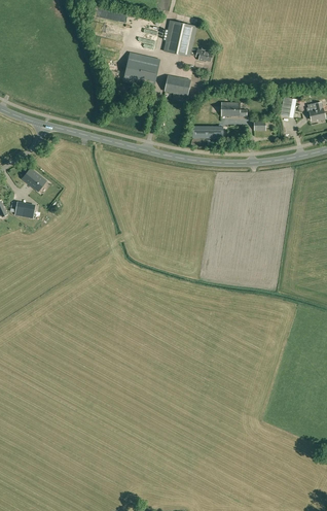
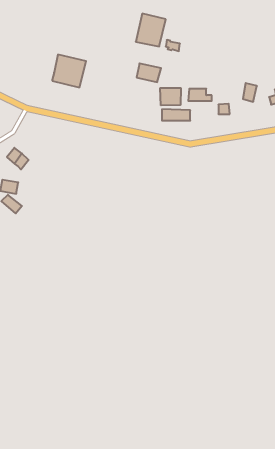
building: [123,53,160,89] -> [52,55,86,87]
building: none -> [160,88,181,105]

